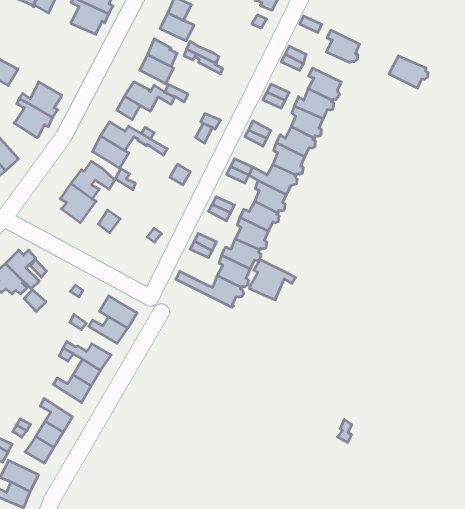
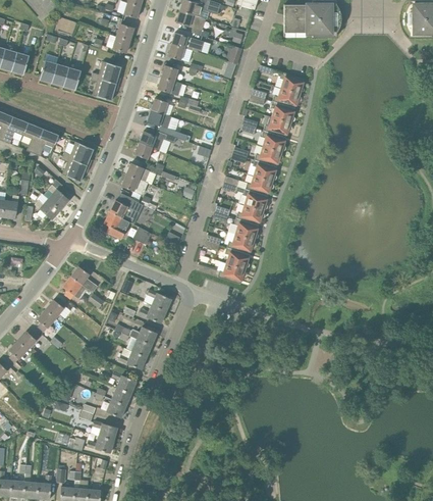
building: [389,56,428,88] -> [272,88,301,109]
building: [250,260,296,300] -> none

